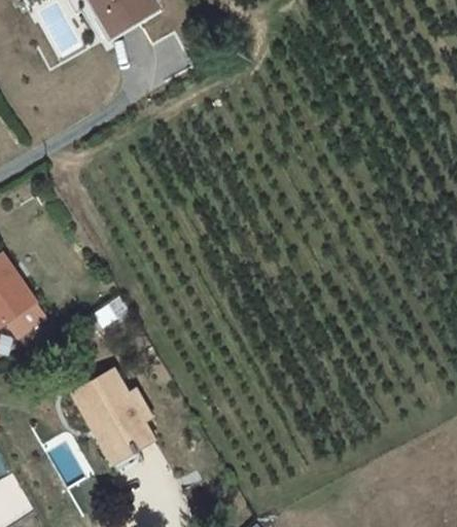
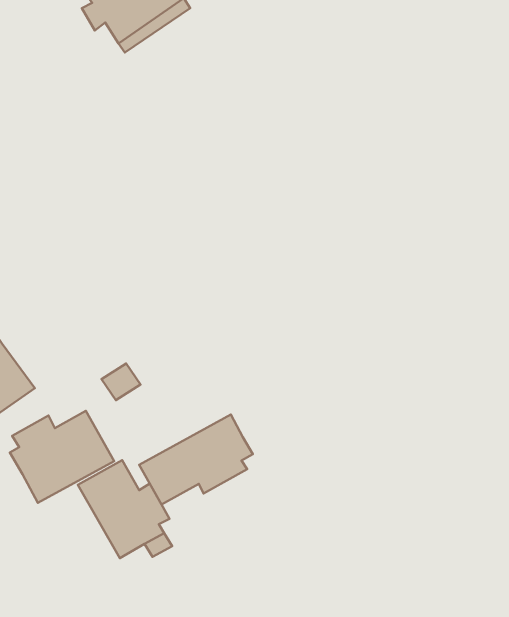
building: none -> [10,411,114,503]
building: none -> [139,415,253,504]

